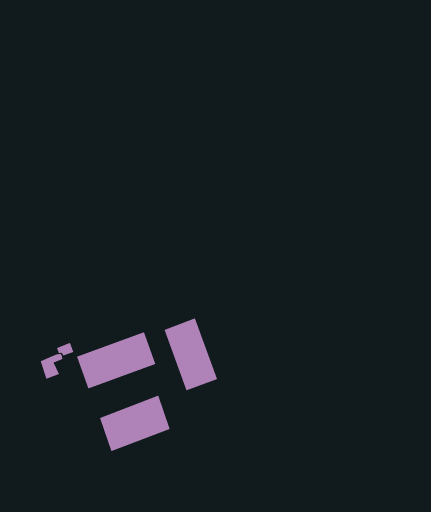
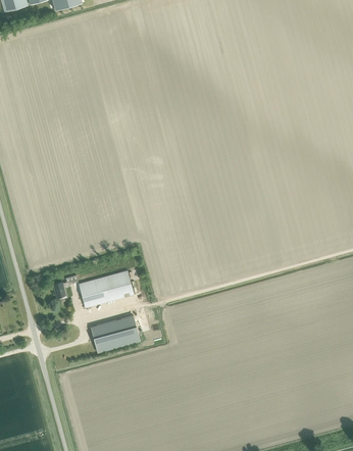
building: [164,318,218,391] -> none

